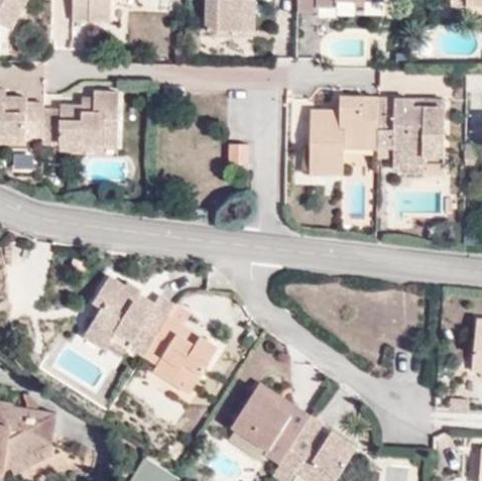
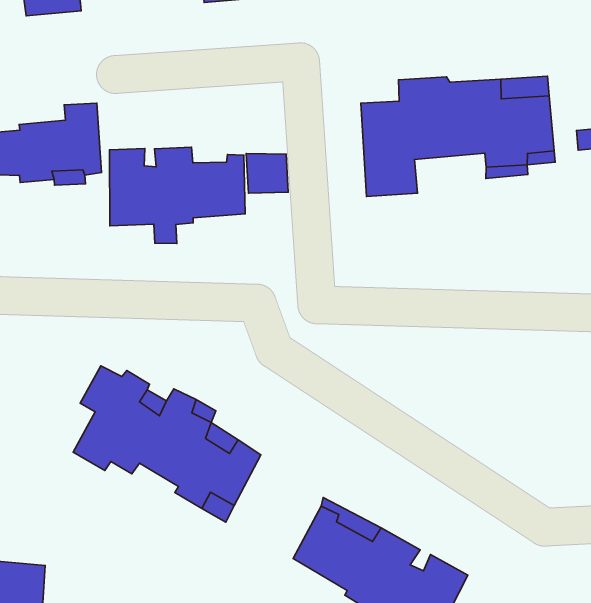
building: none -> [110,147,245,243]

